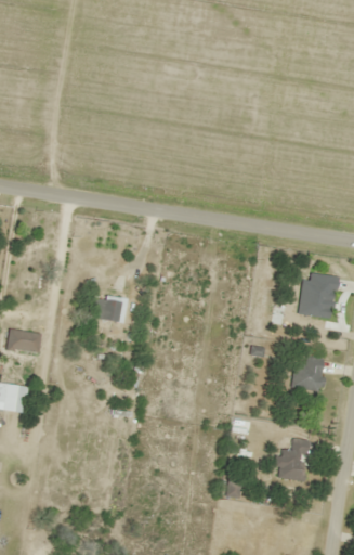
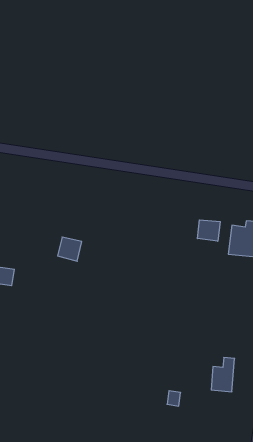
building: none -> [197,220,220,241]
building: [293,357,325,390] -> none

